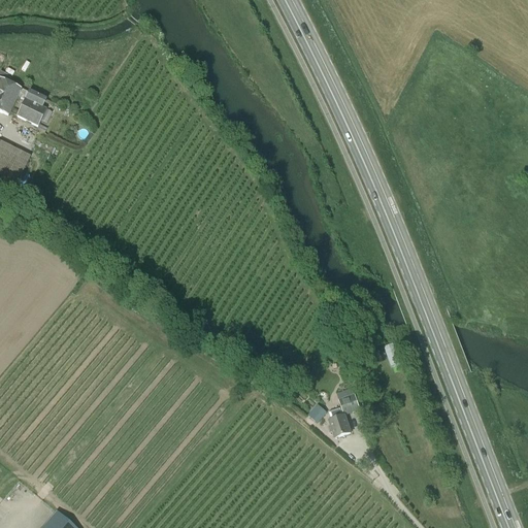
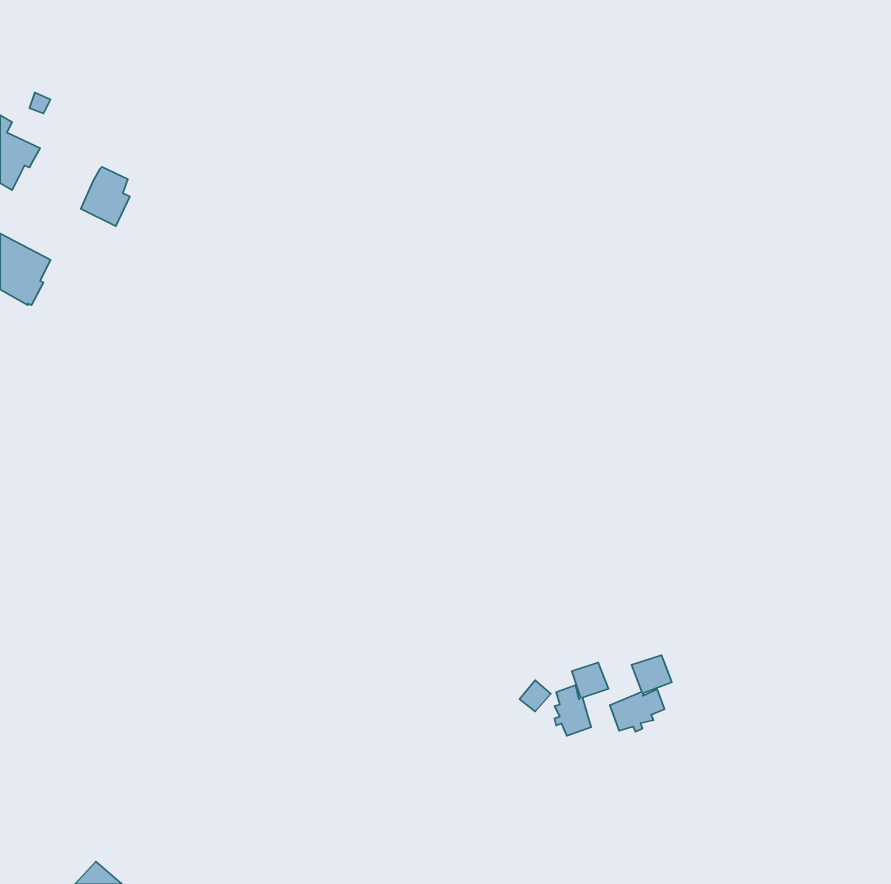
building: [16,89,45,124] -> [81,167,130,226]
building: none -> [610,655,672,732]

